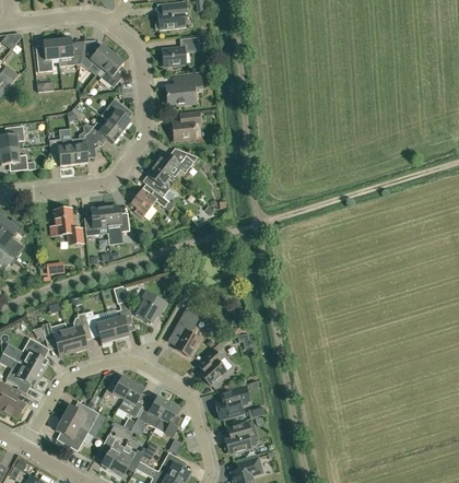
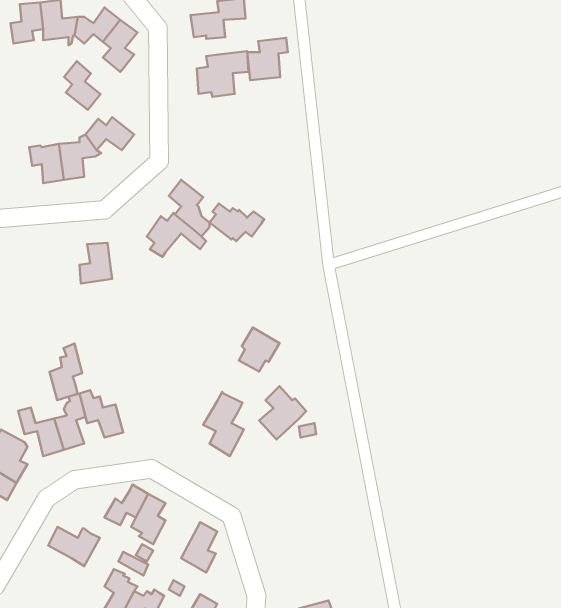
building: [106,97,131,131] -> [64,61,100,110]
building: [172,110,200,140] -> [247,38,288,80]
building: [155,150,193,176] -> [209,204,264,241]
building: [104,205,129,232] -> none
building: [54,208,82,244] -> none
building: [137,291,165,321] -> [239,327,279,371]
building: [109,299,132,339] -> [49,344,82,400]
building: [199,347,232,385] -> [259,386,306,439]
building: [215,386,249,419] -> none
building: [138,396,168,426] -> none
building: [56,417,84,450] -> none
building: [225,420,258,453] -> none

